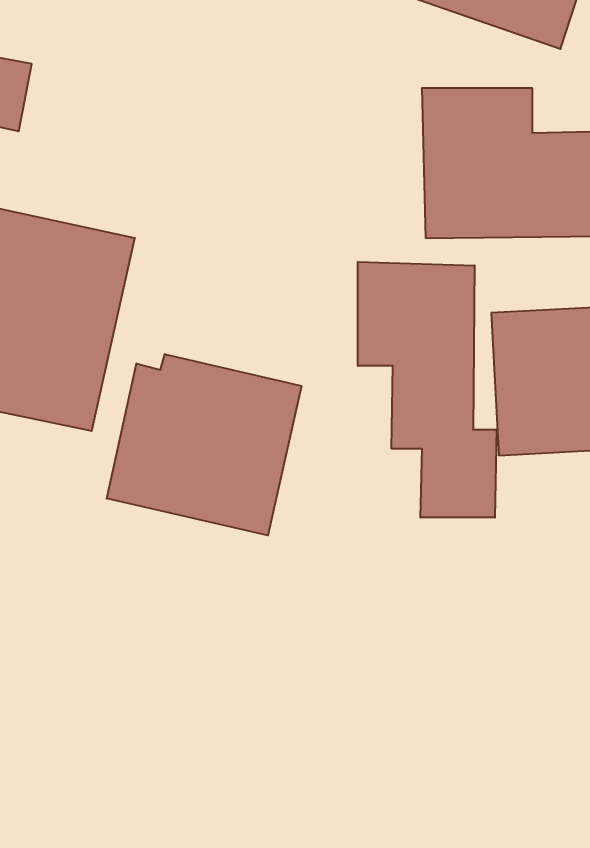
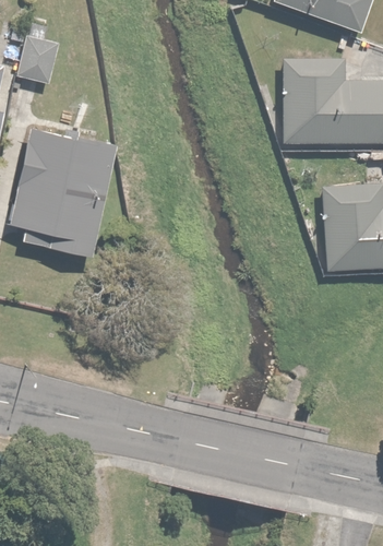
building: [358,262,496,518] -> none
building: [107,354,301,535] -> none

